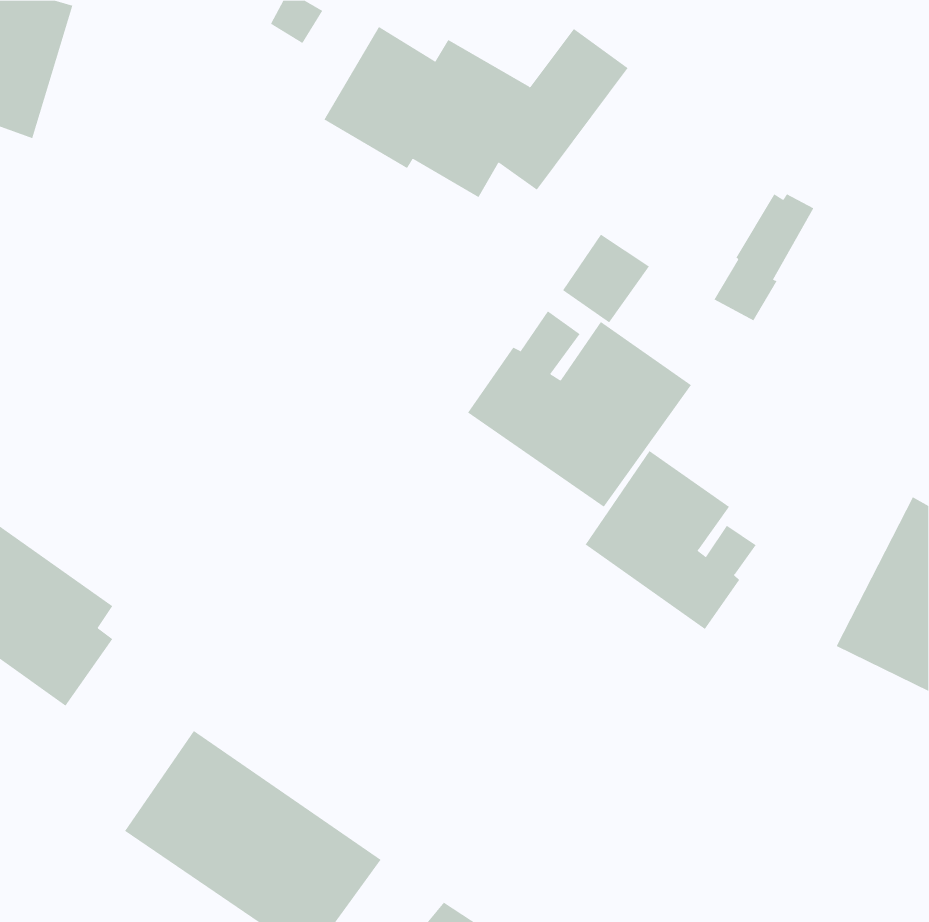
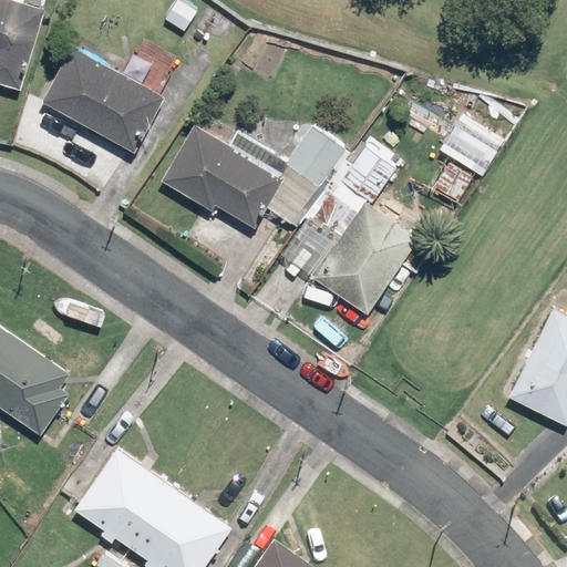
building: [324,26,628,198] -> [161,125,346,229]
building: none -> [41,45,174,153]
building: [585,450,756,630] -> none

